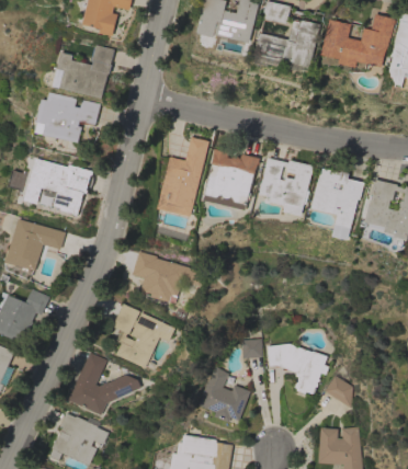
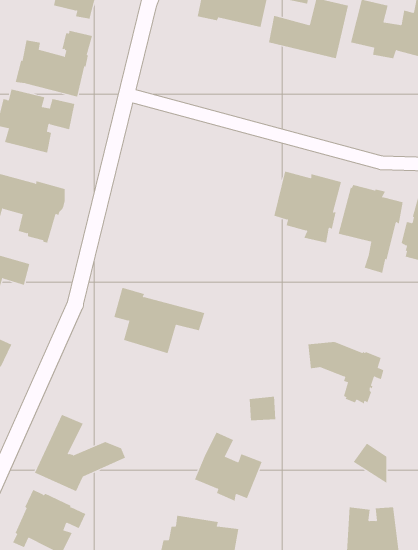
building: [158,137,208,217] -> none
building: [203,149,260,210] -> none
building: [111,304,174,368] -> none
building: [265,344,327,394] -> [308,342,384,404]

